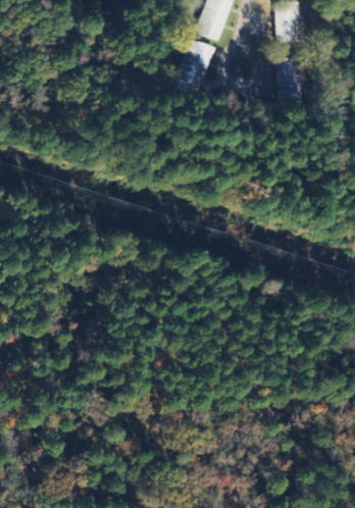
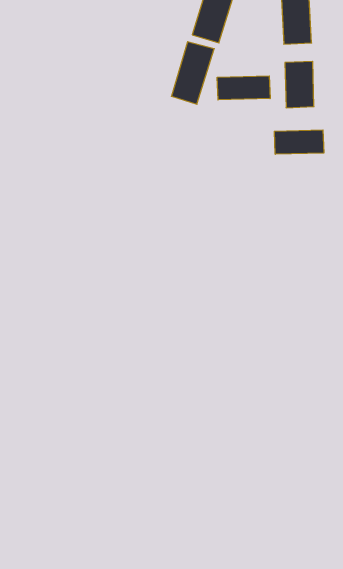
building: none -> [217,76,270,100]
building: none -> [274,130,324,154]

